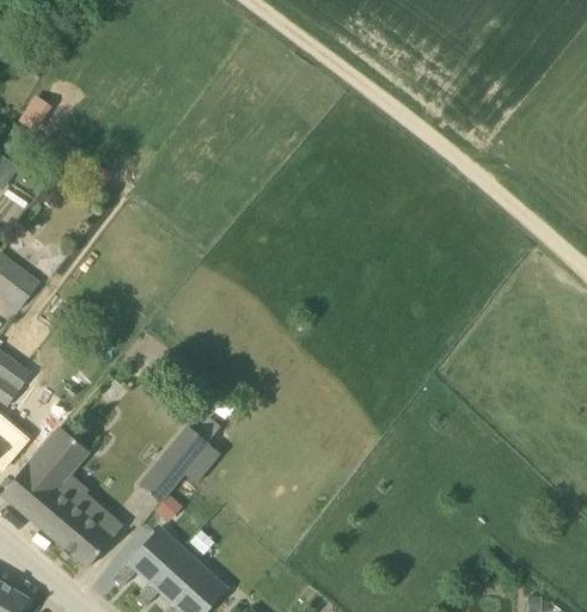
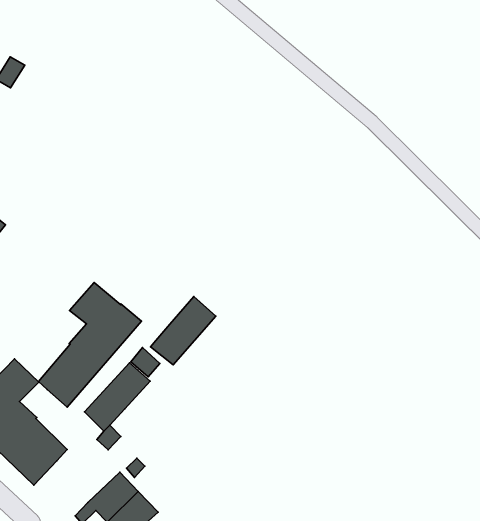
building: none -> [38,282,142,407]
building: none -> [150,297,216,365]
building: [114,527,183,587] -> none

